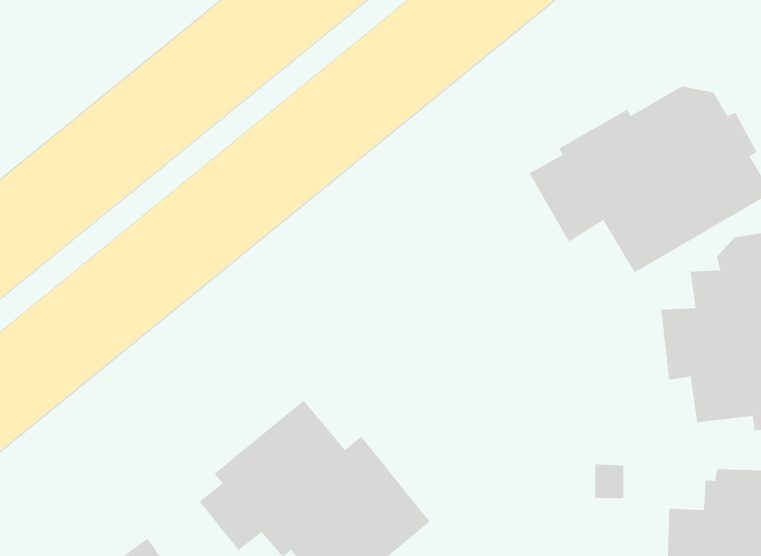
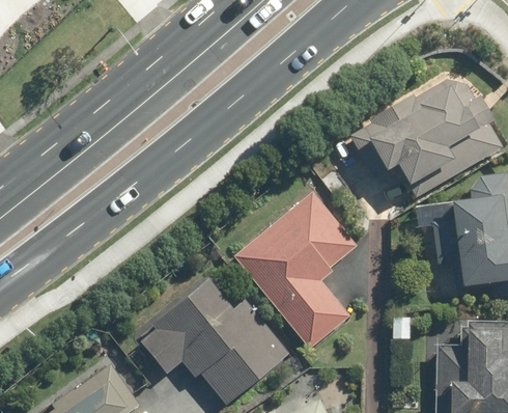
building: none -> [234,192,358,350]

